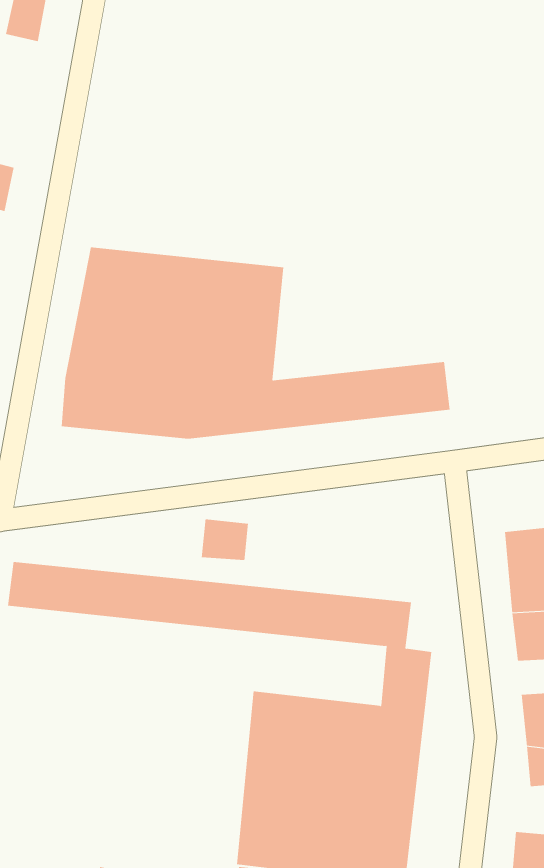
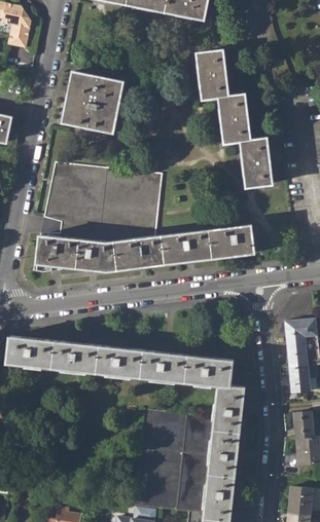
building: none -> [197,49,273,186]
building: none -> [62,72,123,132]
building: [201,519,248,561] -> none

